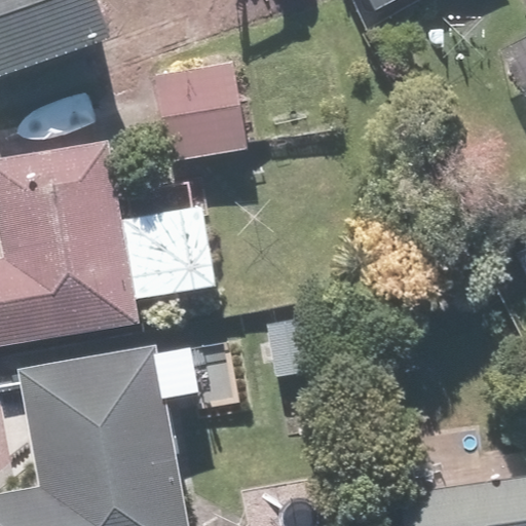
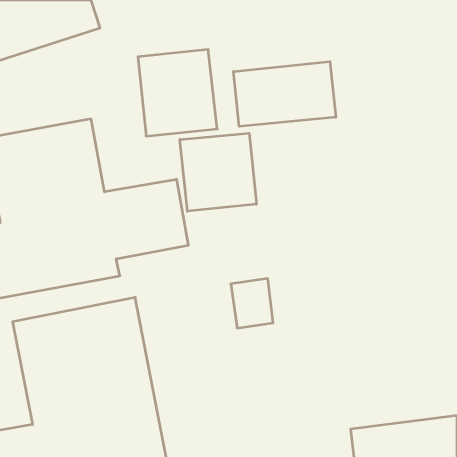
building: none -> [234,62,336,126]
building: none -> [180,133,256,211]

